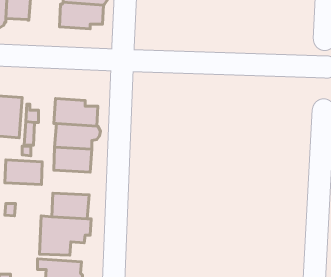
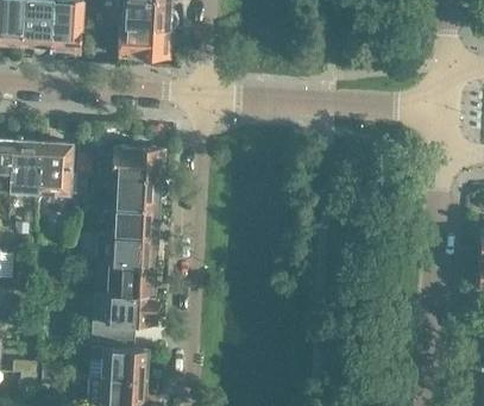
building: [5,160,42,185] -> [109,233,156,264]

